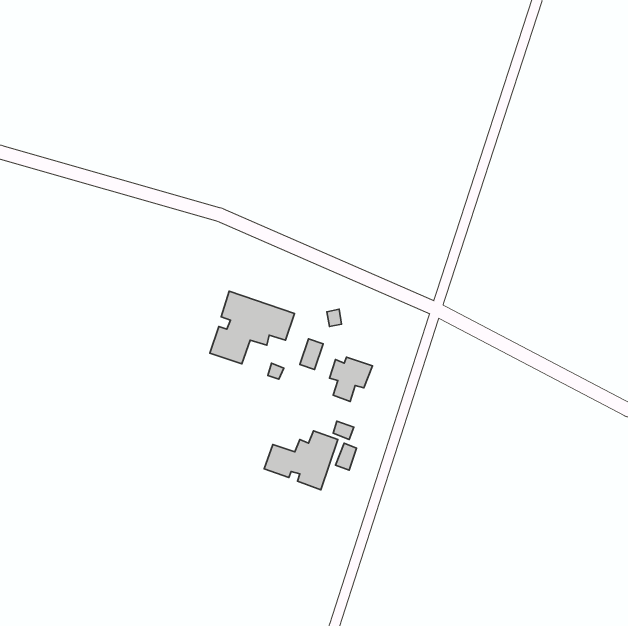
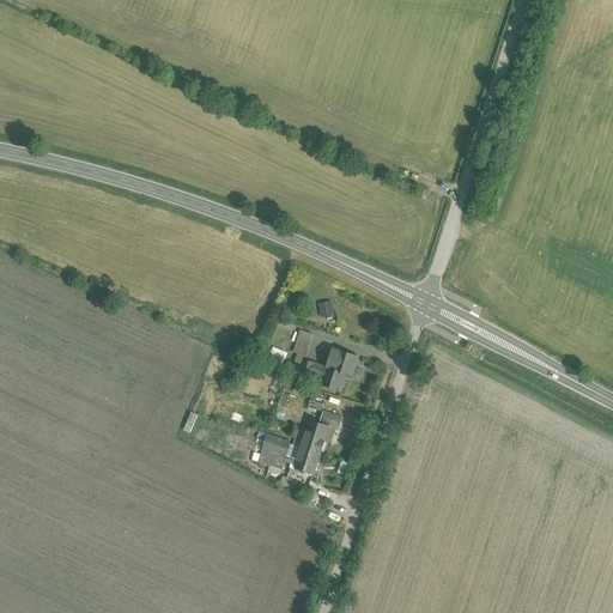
building: [210,291,294,364] -> none

